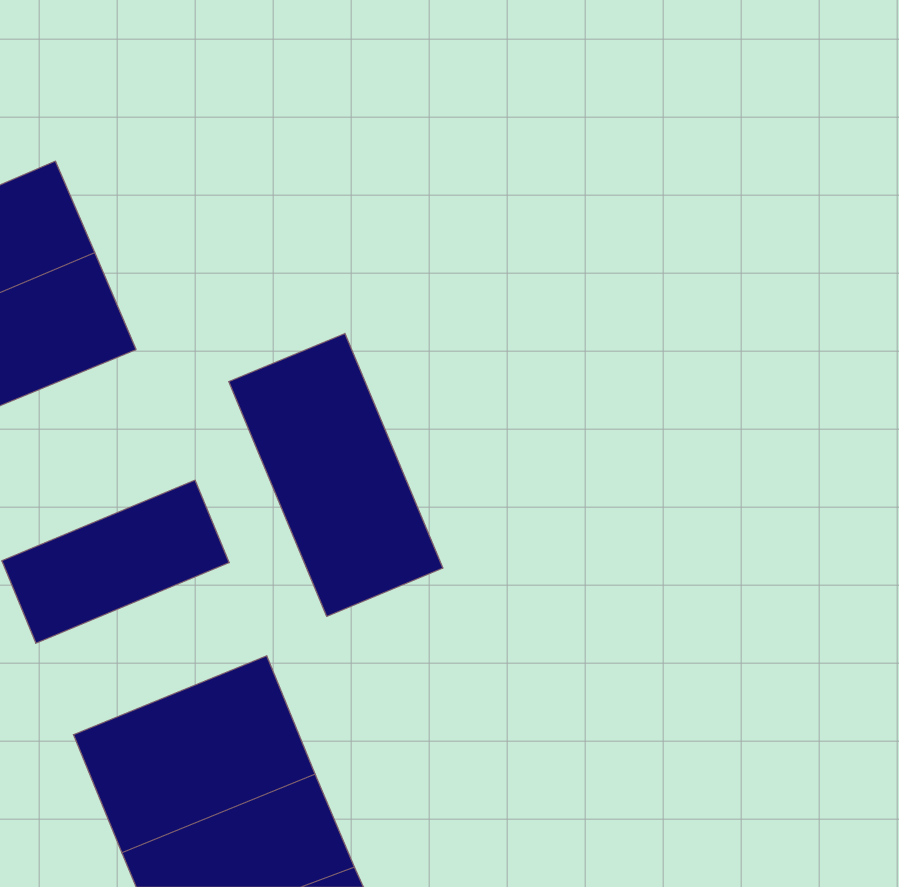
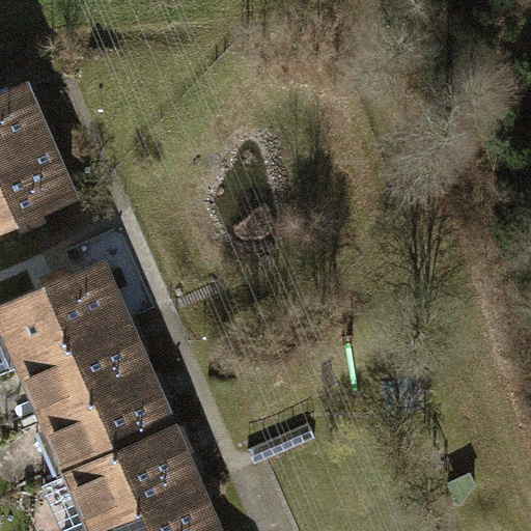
building: [229,333,443,616] -> none
building: none -> [21,326,155,425]

